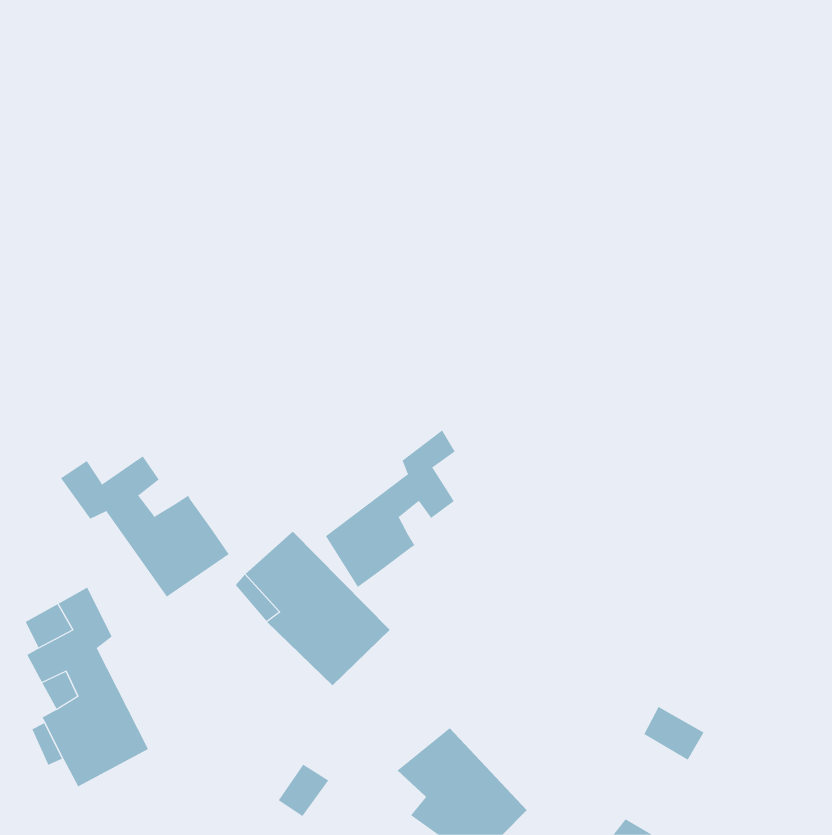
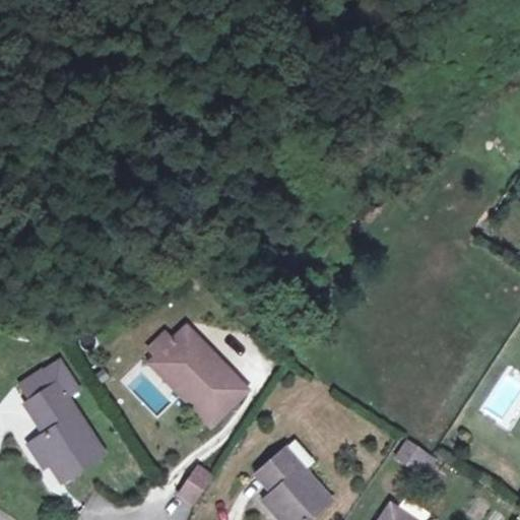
building: [325,430,456,588] -> none
building: [60,456,229,597] -> none

